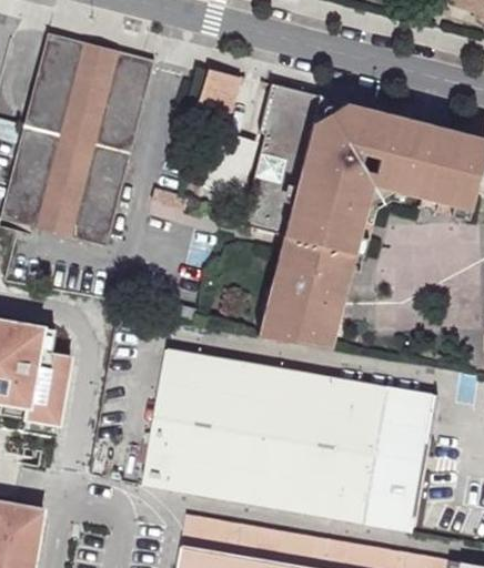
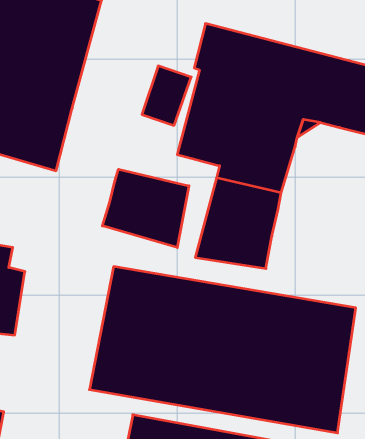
building: [193,65,236,114] -> none
building: none -> [102,169,189,248]

